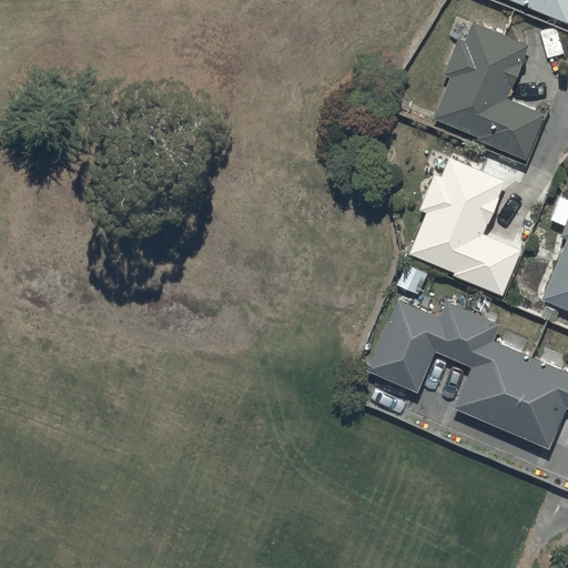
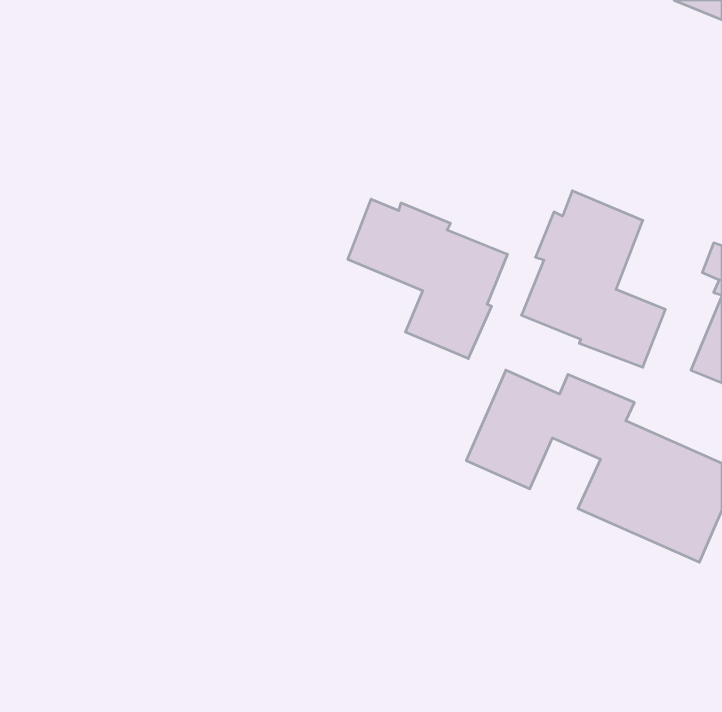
building: [434,24,546,161] -> none
building: none -> [348,199,507,359]

